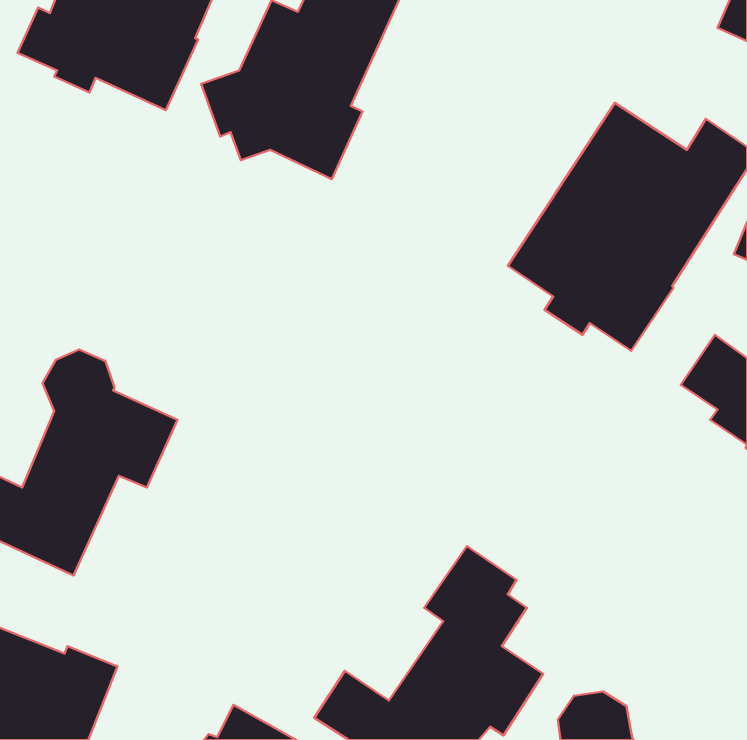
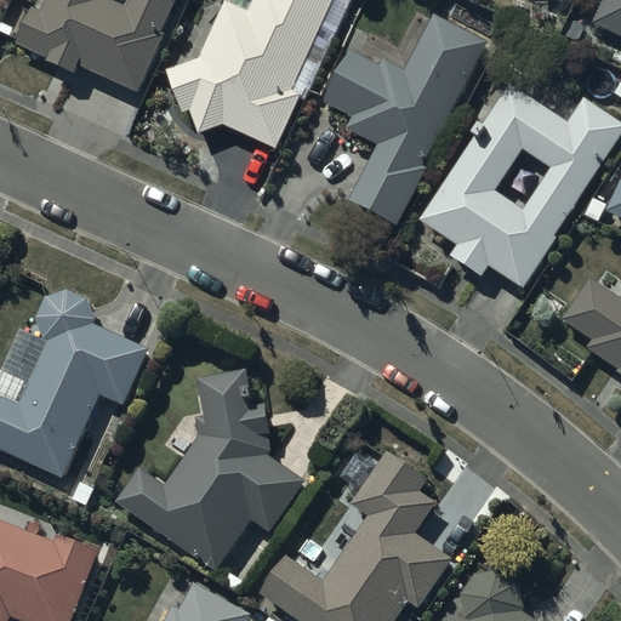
building: none -> [325,13,485,223]
building: none -> [119,372,304,569]

